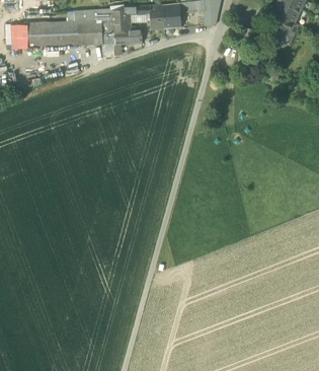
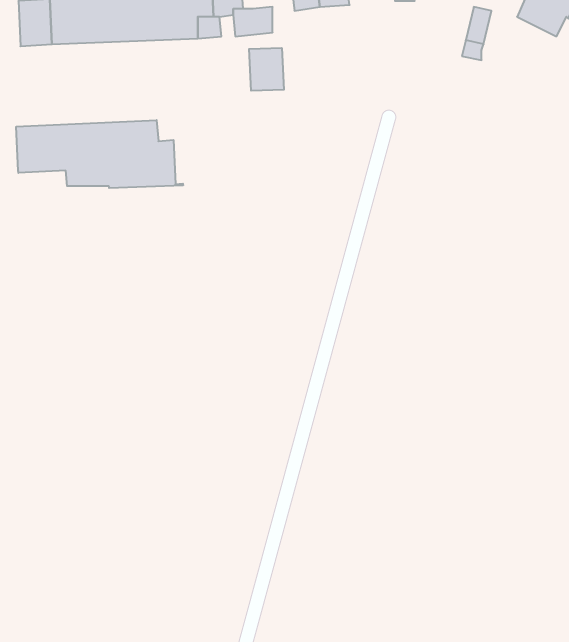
building: none -> [249,48,284,91]
building: none -> [16,120,183,188]

